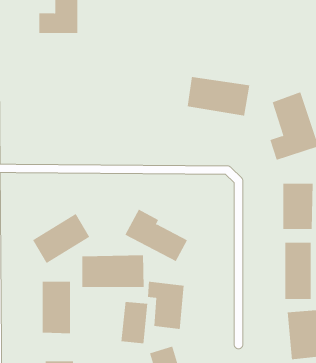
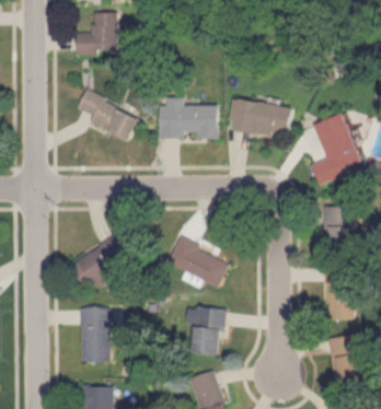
building: none -> [76,91,139,142]
building: none -> [161,97,218,139]
building: [82,254,144,288] -> none
building: [121,301,148,344] -> none

